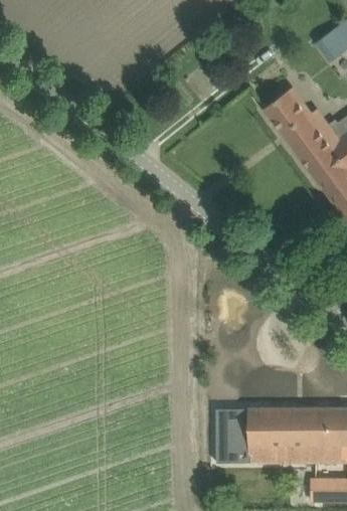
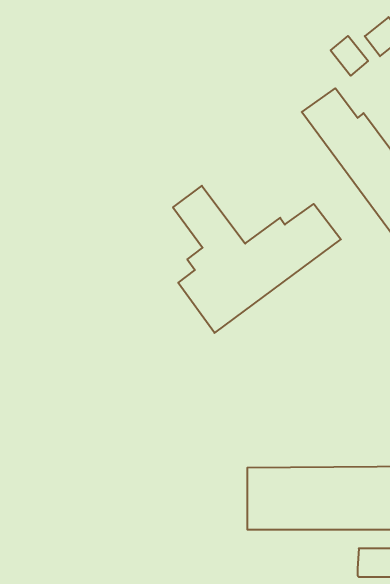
building: none -> [331,36,368,76]
building: none -> [173,186,341,333]

